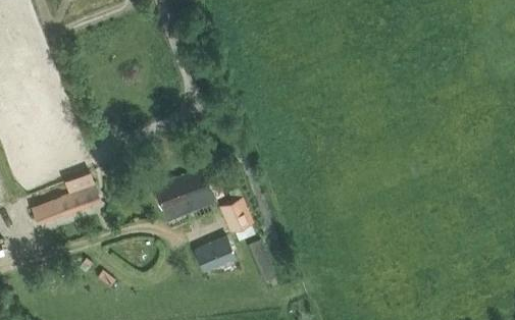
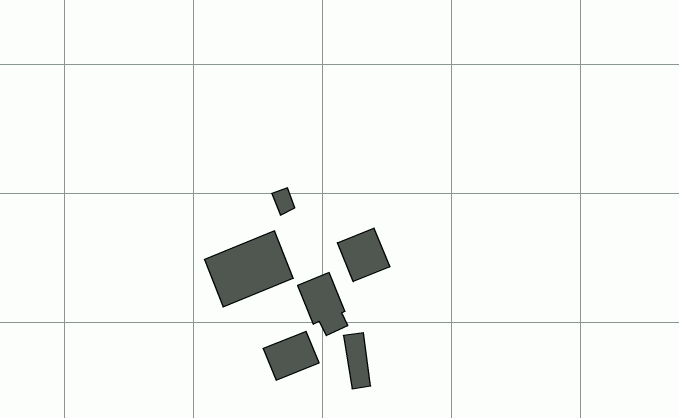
building: none -> [337,228,390,282]
building: [31,172,101,226] -> none

